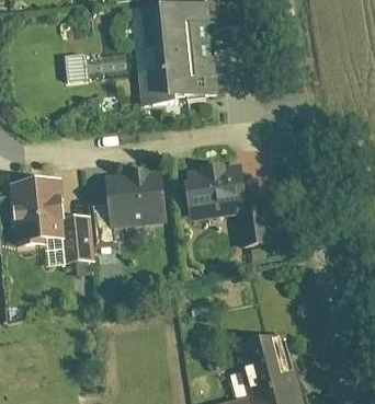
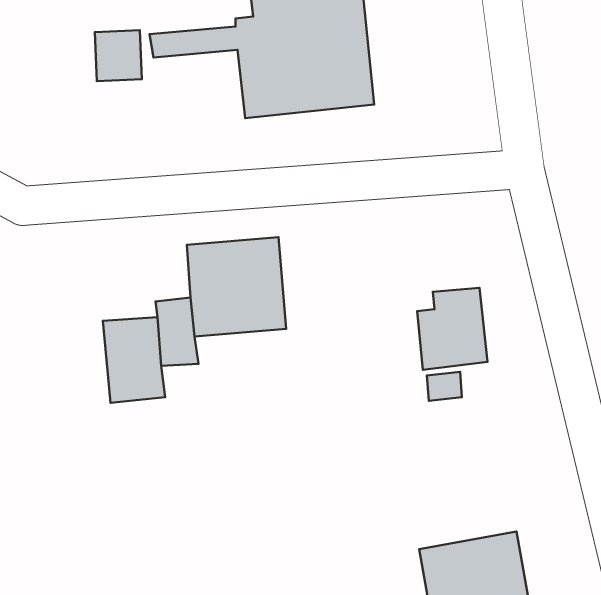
building: [185,163,247,215] -> none
building: [8,176,62,243] -> none

